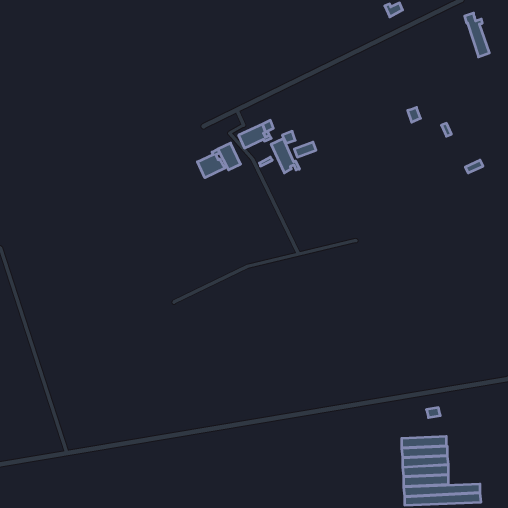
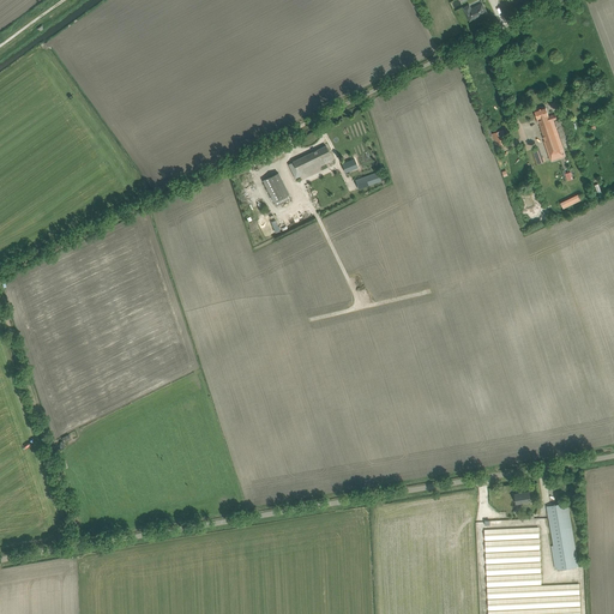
building: [465,13,489,57] -> [535,107,565,159]
building: [271,139,299,173] -> none
building: [197,149,225,178] -> none
building: none -> [547,502,578,568]

